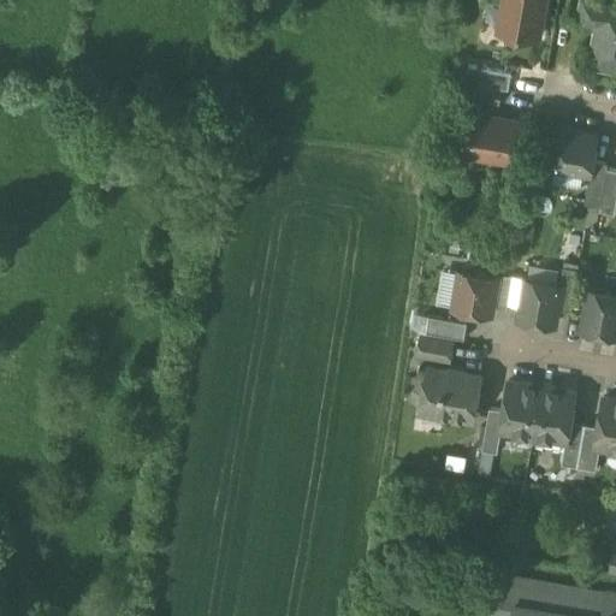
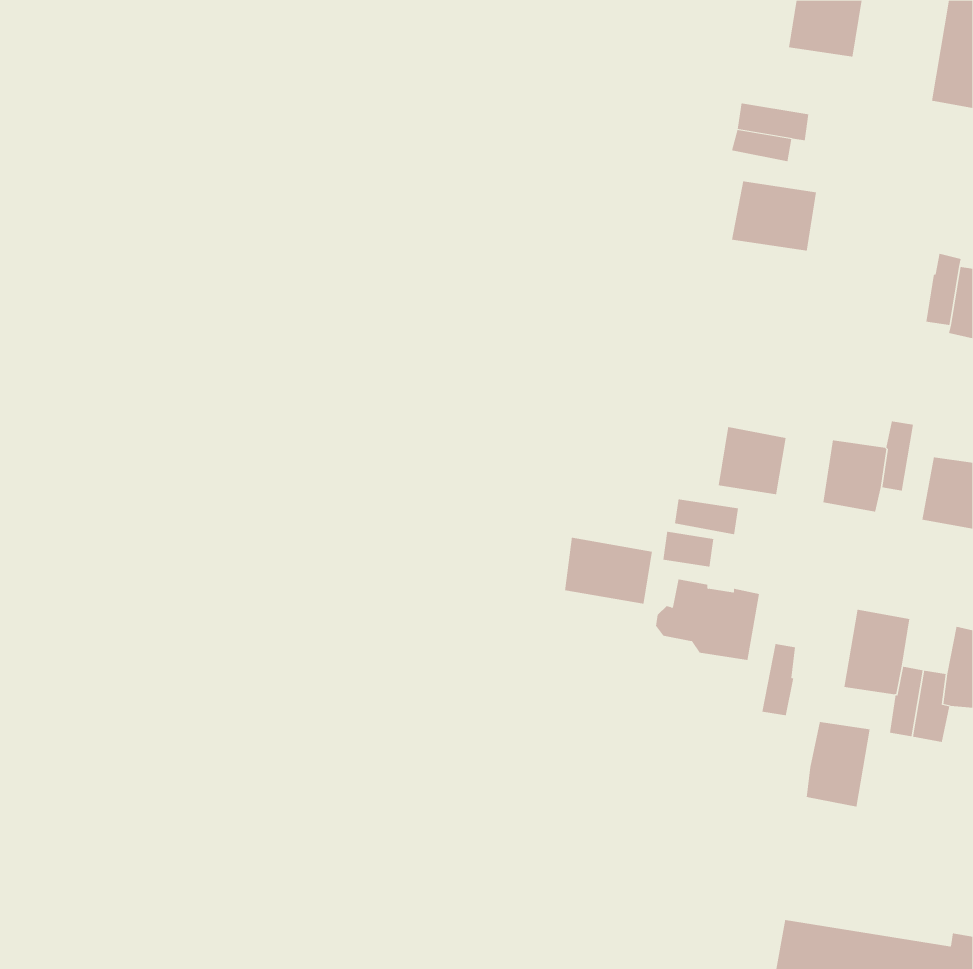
building: [555,132,598,176] -> none
building: none -> [565,537,653,604]
building: [500,383,541,437] -> [806,721,870,807]

